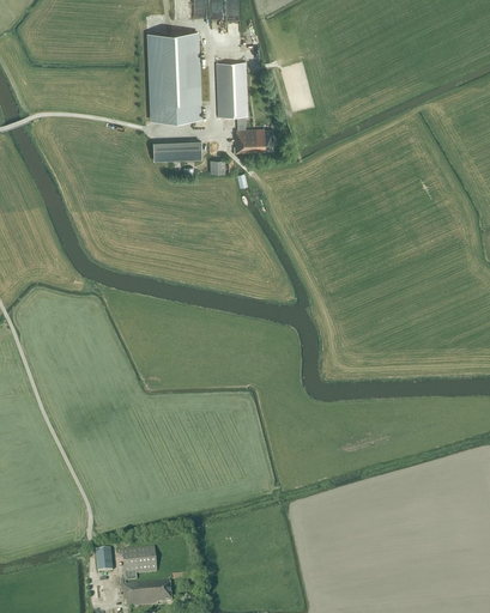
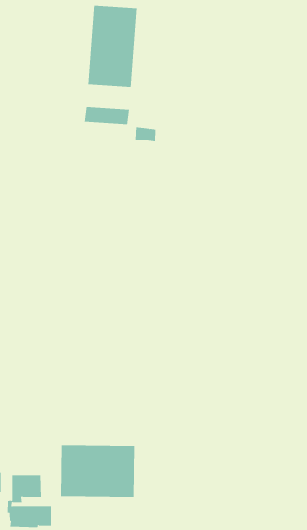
building: [214,62,272,153] -> none
building: none -> [60,445,135,498]

